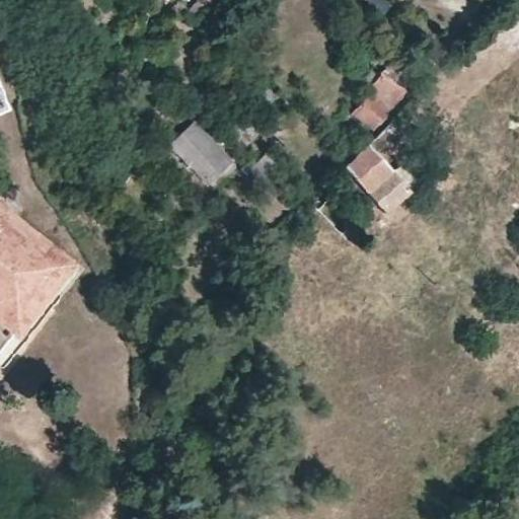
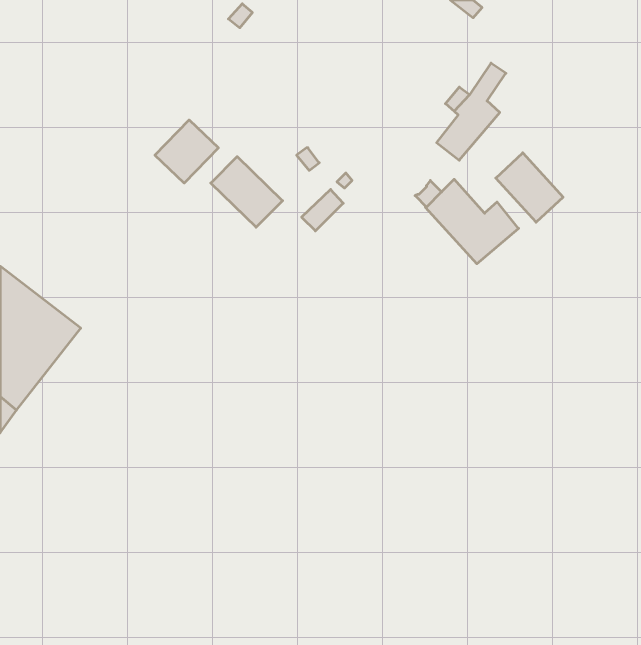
building: none -> [155,120,218,183]
building: none -> [496,153,563,222]

